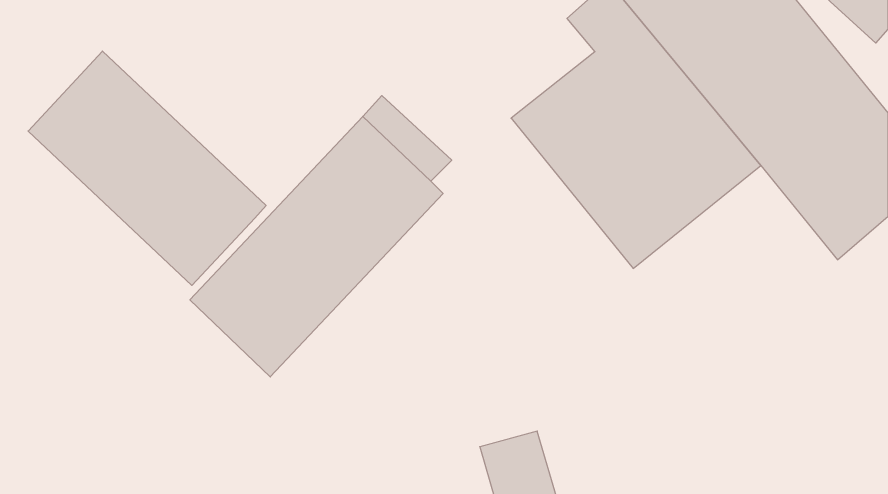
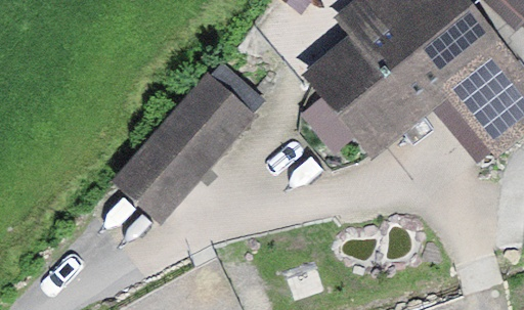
building: [28,51,266,285] -> none

